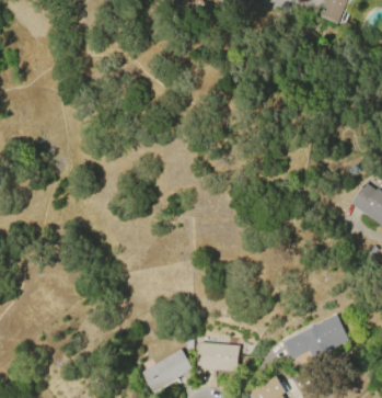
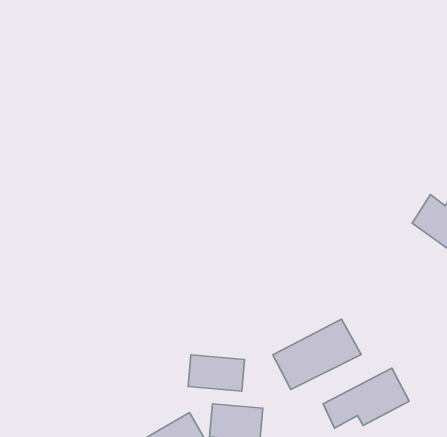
building: none -> [273,319,361,389]
building: none -> [188,355,244,391]

